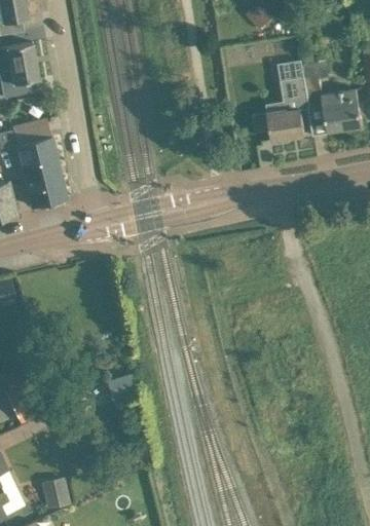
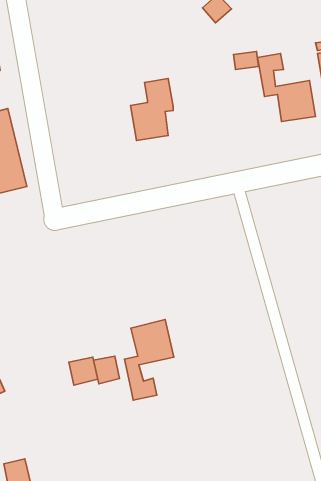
building: [265,77,309,141] -> [130,79,173,140]
building: none -> [125,320,174,400]
building: none -> [94,356,120,384]

